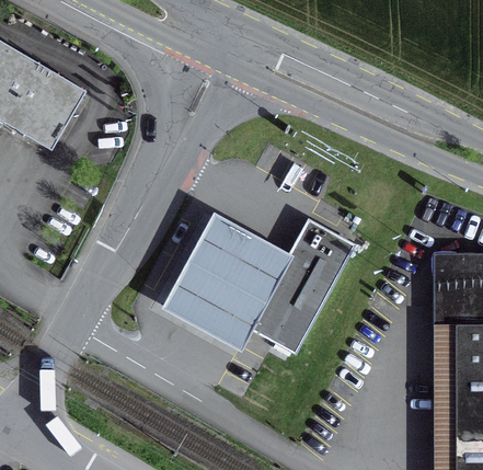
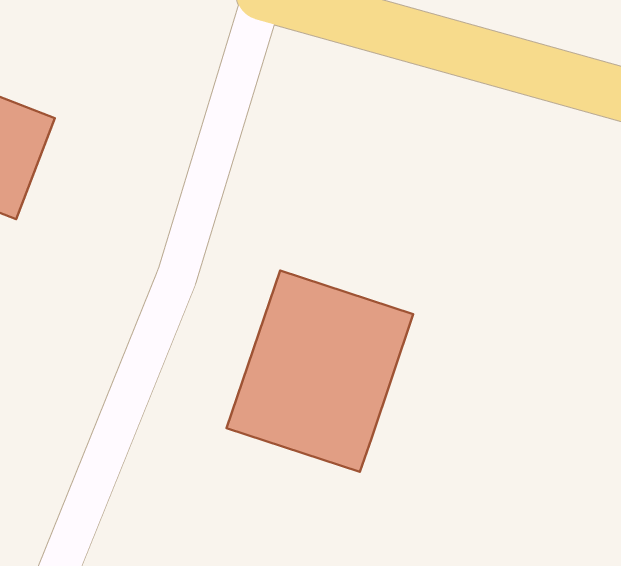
building: [250,223,349,352] -> none

